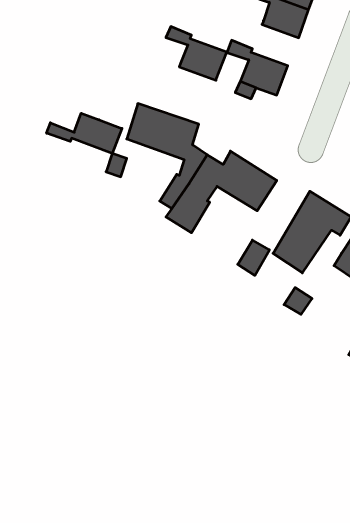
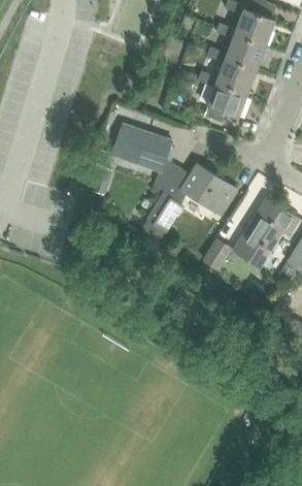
building: [166,27,227,80] -> [205,46,257,92]
building: [47,113,122,154] -> none

